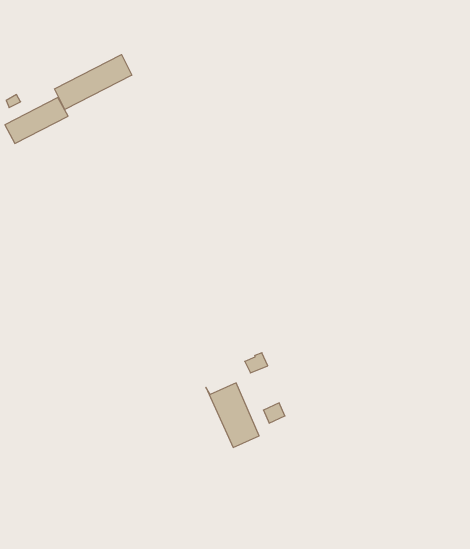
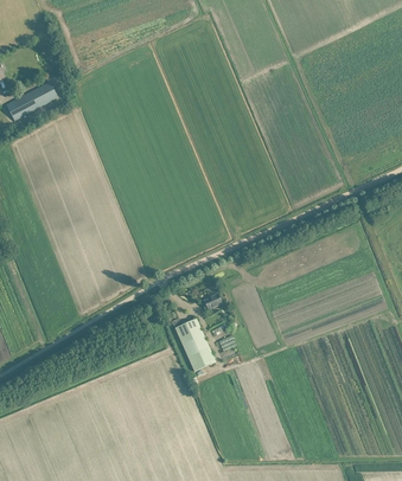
building: [55,55,132,110] -> none

